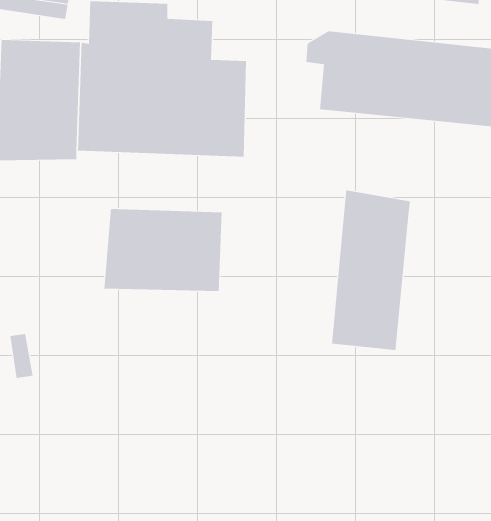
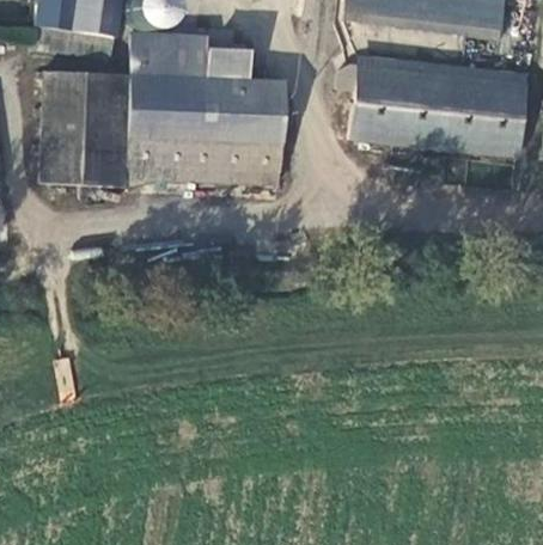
building: [331,189,411,351] -> none
building: [104,208,222,292] -> none

